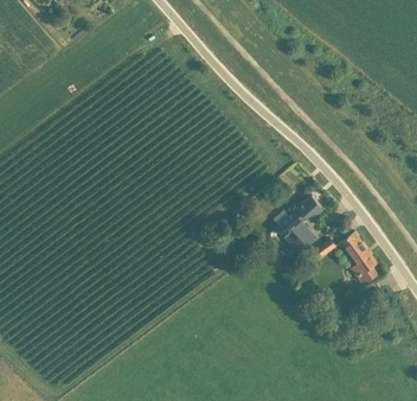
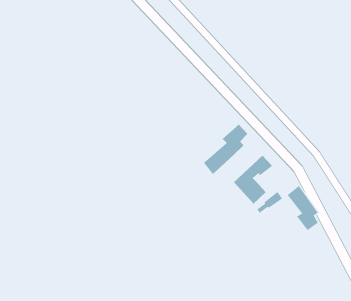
building: none -> [203,124,248,175]

